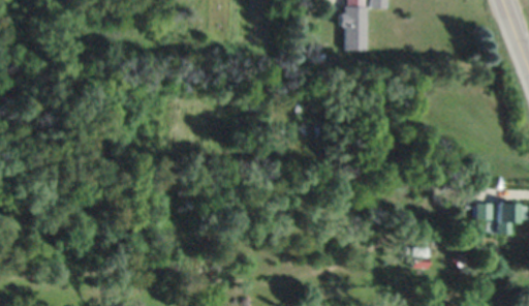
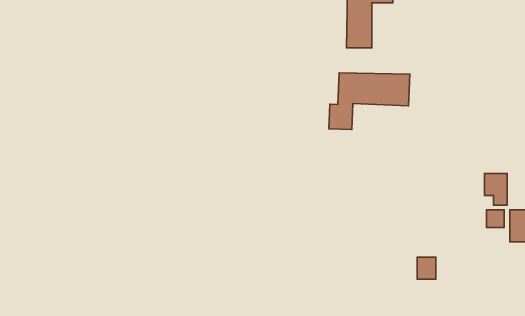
building: none -> [329,73,410,130]
building: none -> [484,173,507,205]

